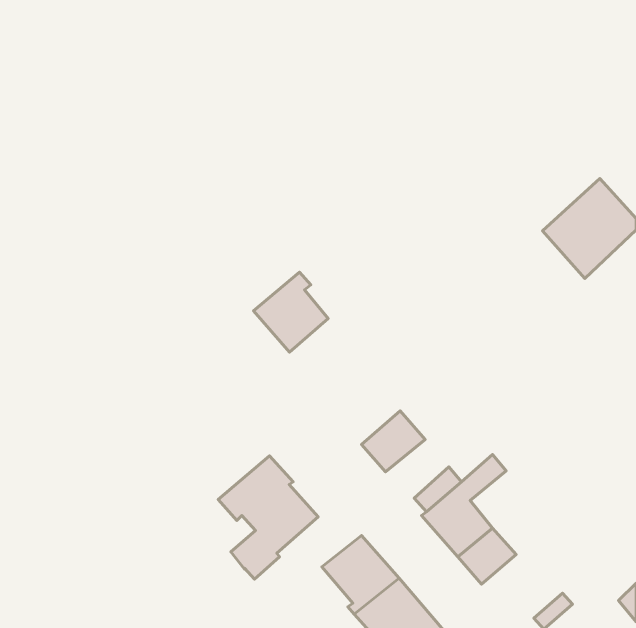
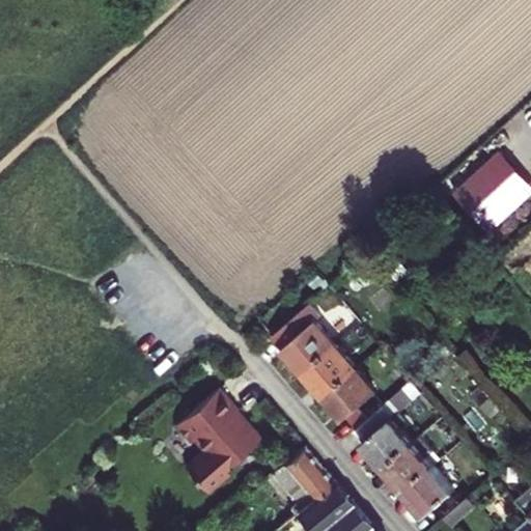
building: [253,272,328,352] -> [271,311,333,378]
building: none -> [320,373,373,424]
building: none -> [400,469,450,519]

